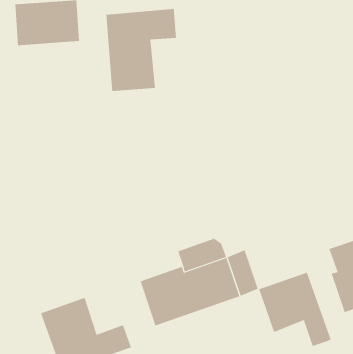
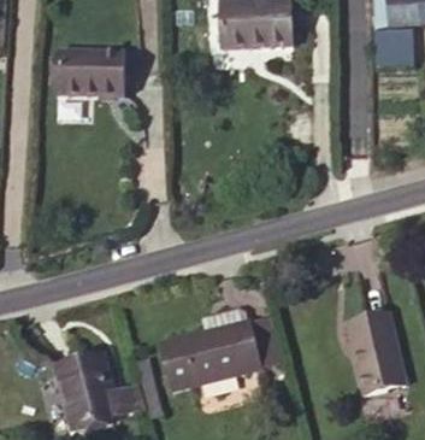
building: [106,8,177,92] -> none
building: [258,272,332,347] -> none

